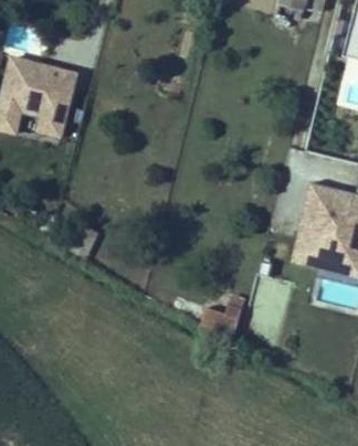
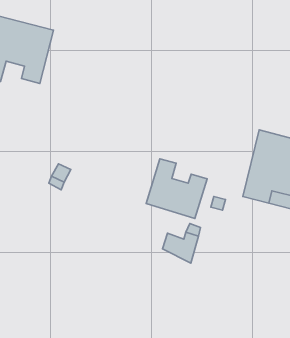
building: none -> [146,159,207,218]

